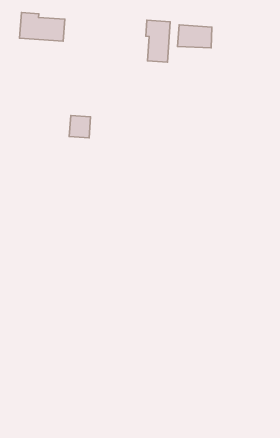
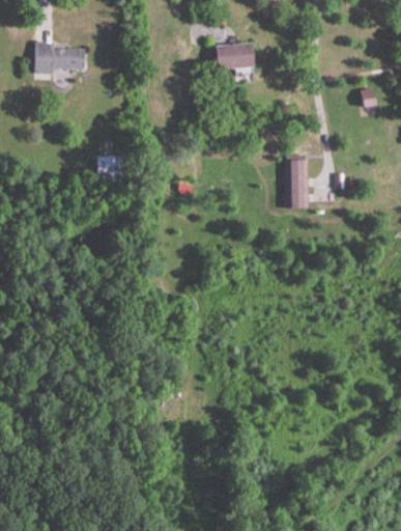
building: [146,20,170,62] -> none
building: none -> [289,156,308,209]

